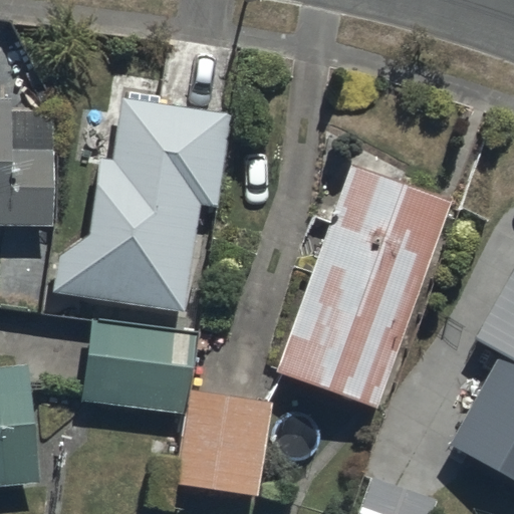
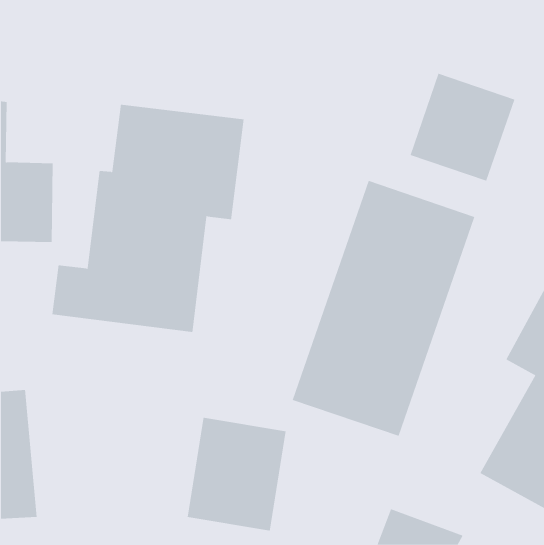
building: none -> [410,73,515,182]
building: [84,318,195,411] -> none

